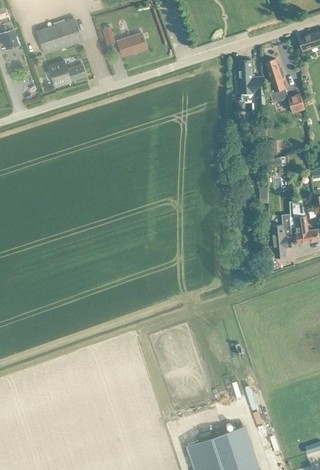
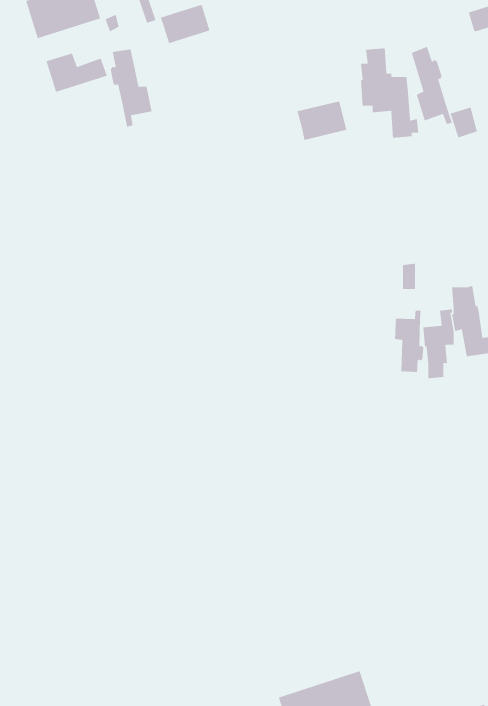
building: none -> [110,49,153,128]
building: none -> [297,100,347,141]
building: none -> [394,310,424,373]

